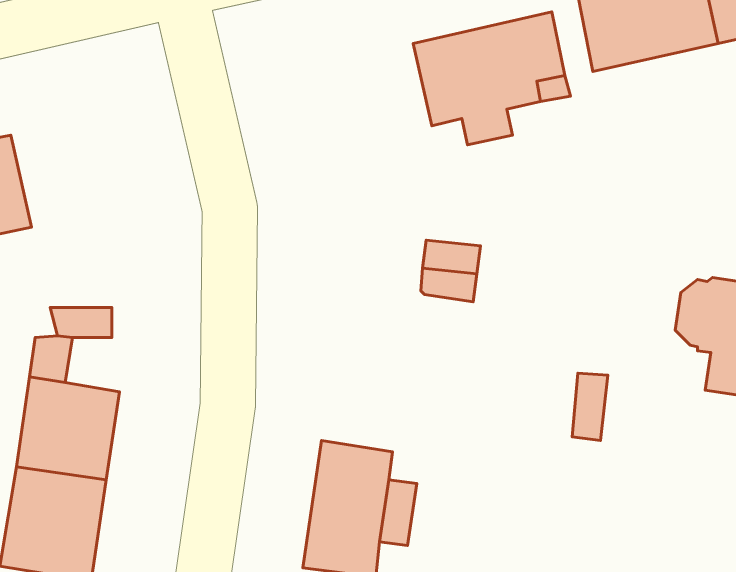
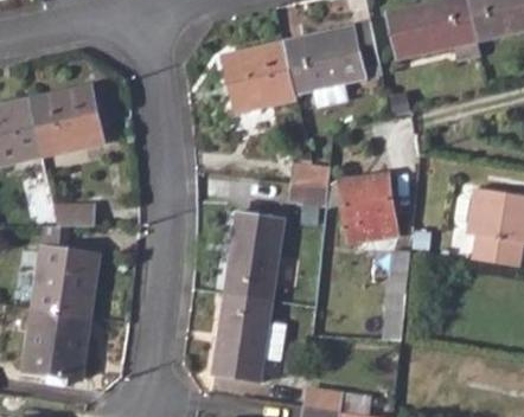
building: none -> [223,40,298,113]
building: none -> [30,84,104,156]
building: none -> [338,174,391,242]
building: none -> [226,214,283,299]

